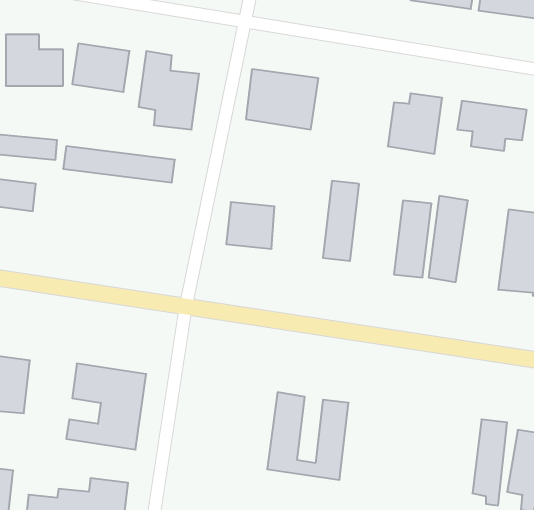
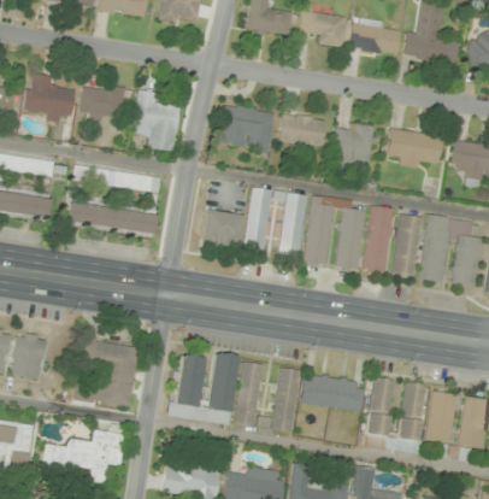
building: none -> [278,113,325,149]
building: none -> [242,187,272,252]
building: none -> [304,195,335,265]
building: none -> [65,201,155,235]
building: none -> [390,213,420,278]
building: none -> [171,352,237,424]
building: none -> [301,375,364,410]
building: none -> [364,378,394,448]

